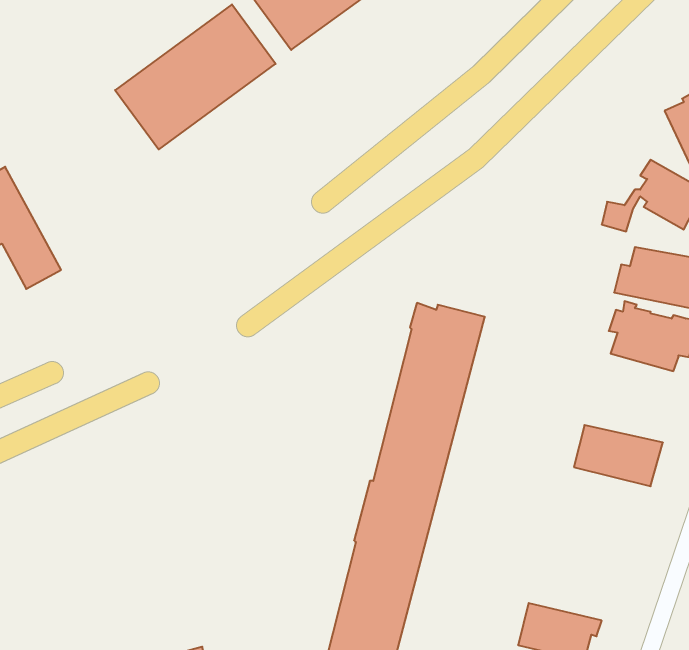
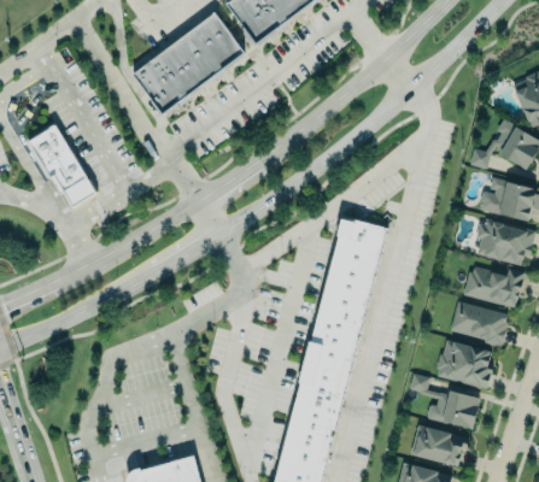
building: none -> [462,265,523,307]
building: none -> [437,339,493,389]
building: none -> [409,374,479,429]

